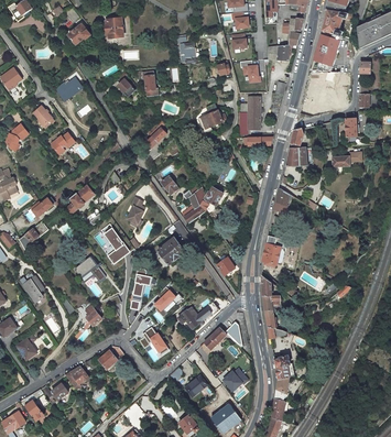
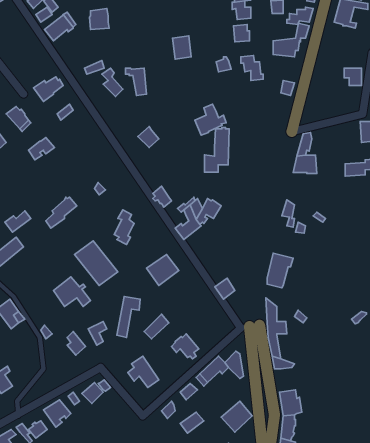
building: [309,34,336,65] -> none
building: [238,96,260,135] -> [204,127,229,172]

